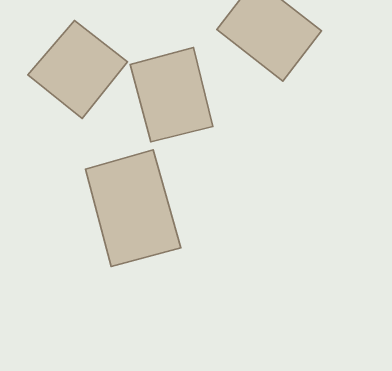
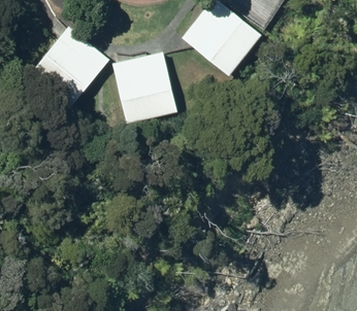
building: [86,150,181,266] -> none

